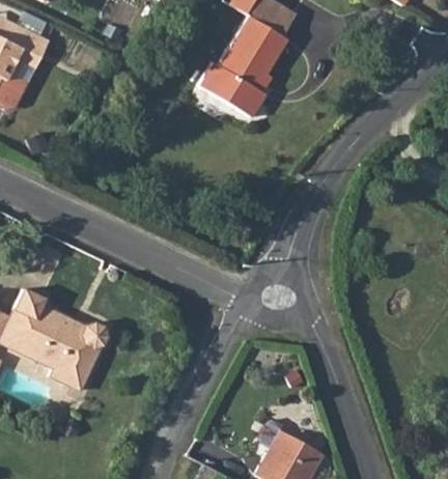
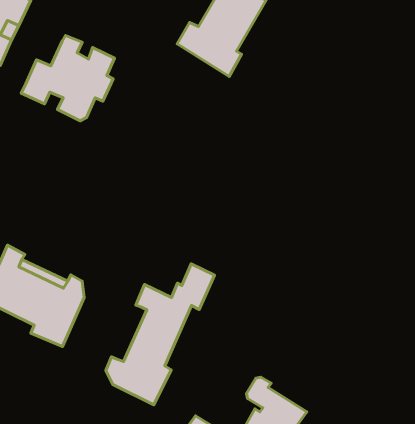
building: none -> [21,35,114,121]
building: none -> [106,264,214,405]

